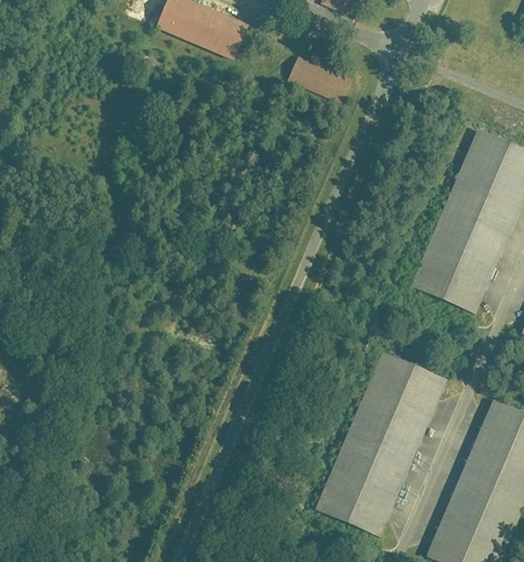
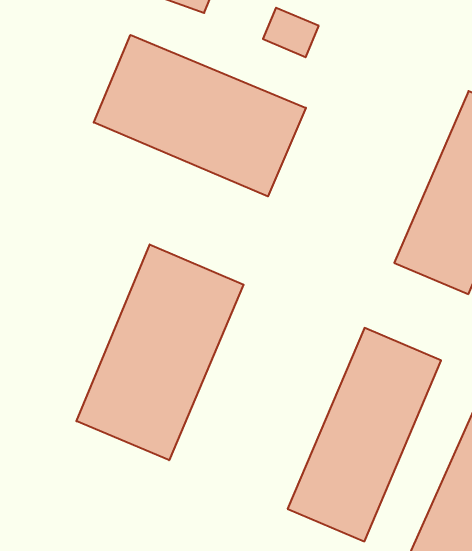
building: none -> [94,35,306,196]
building: none -> [76,244,244,460]

